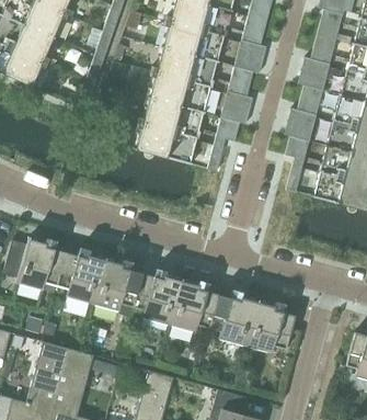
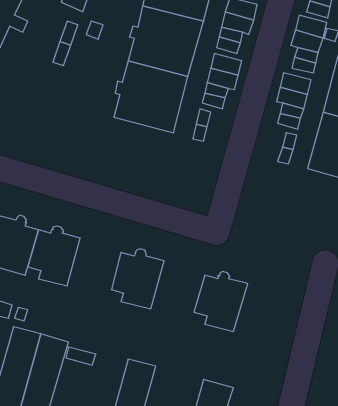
building: [93,260,142,311] -> none
building: [170,281,219,332] -> none
building: [245,302,296,353] -> none

